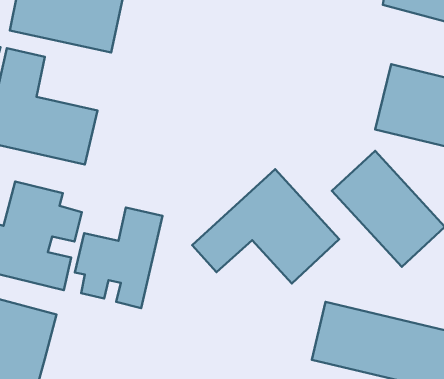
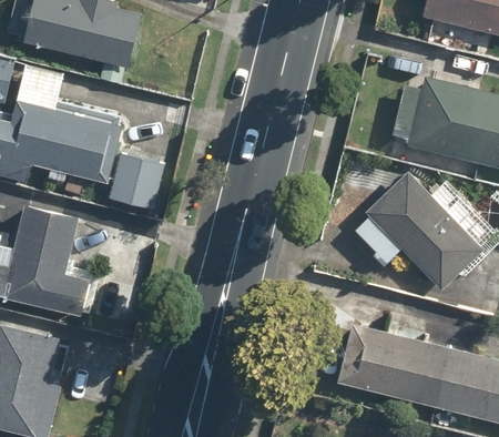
building: none -> [108,151,164,209]
building: [192,169,339,283] -> none
building: [75,207,163,308] -> none

